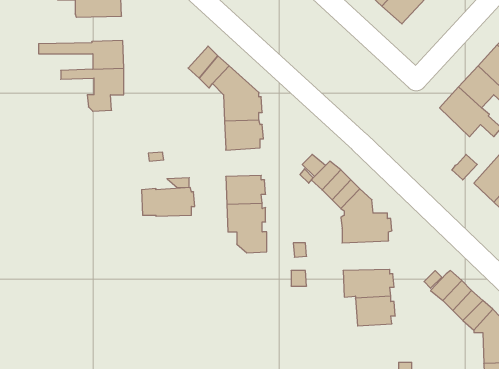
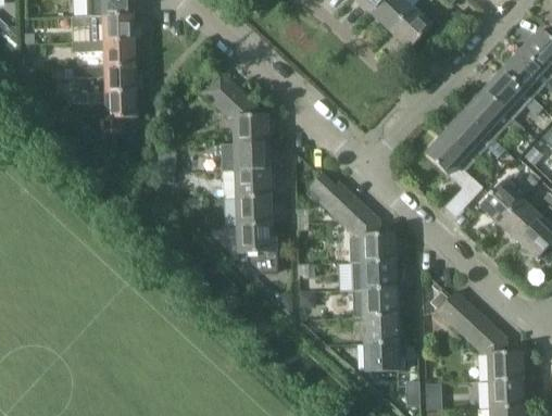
building: none -> [71,37,134,64]
building: none -> [423,129,474,174]
building: [142,188,195,216] -> [221,168,273,197]
building: none -> [349,260,399,289]
building: none -> [364,341,402,370]

